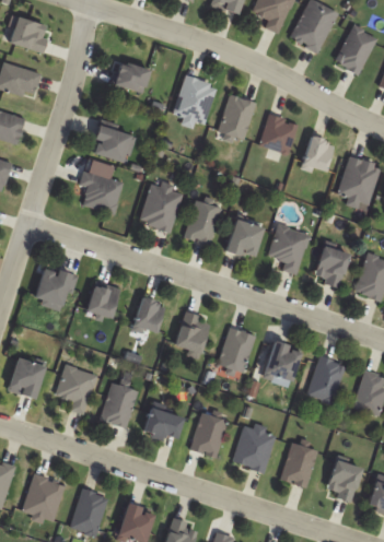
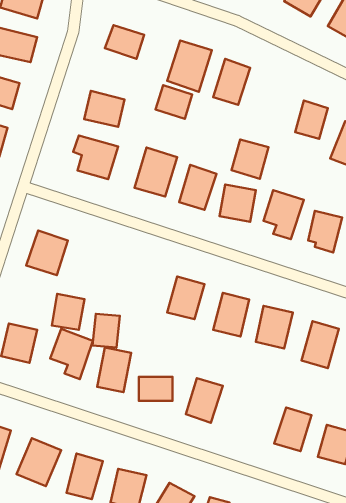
building: [260,115,298,154] -> [231,140,269,179]
building: none -> [156,85,192,119]
building: [85,282,118,318] -> [52,294,84,330]
building: [135,298,162,332] -> [93,314,120,348]
building: [233,423,278,473] -> none

